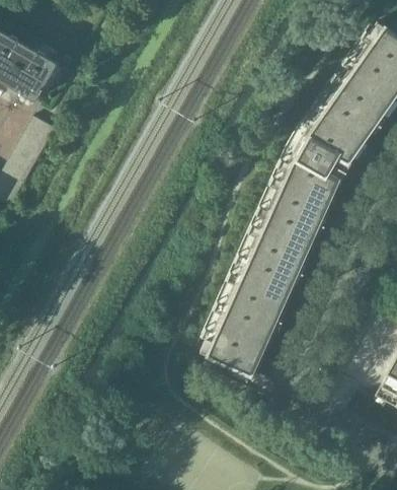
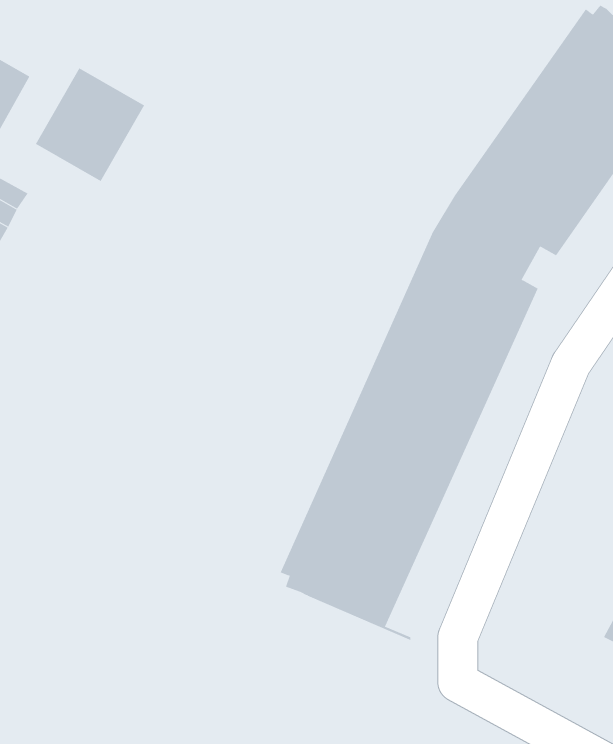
building: none -> [35,67,145,182]

